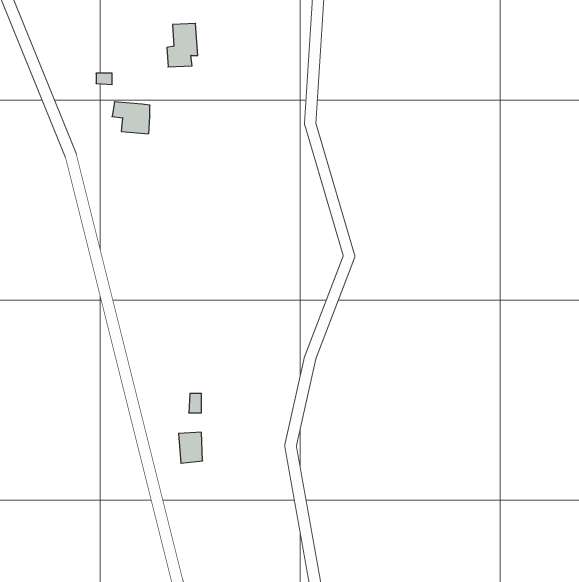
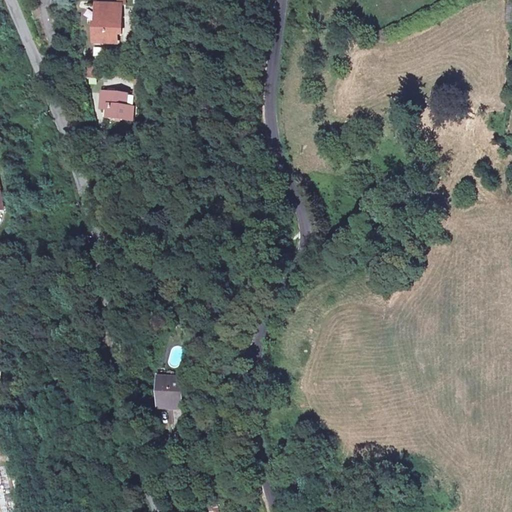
building: [167,23,198,67] -> [90,9,117,47]

